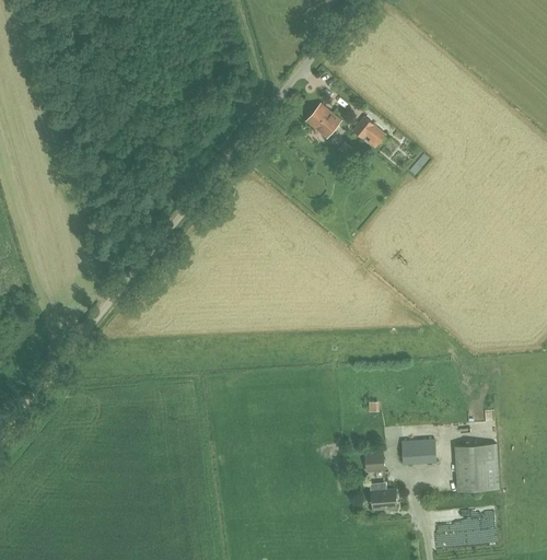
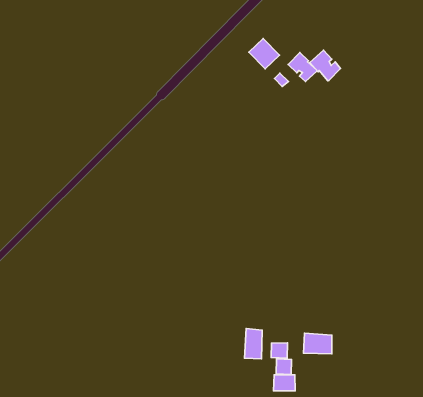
building: none -> [310,50,340,81]
building: none -> [245,329,262,359]
building: [454,444,498,491] -> none

